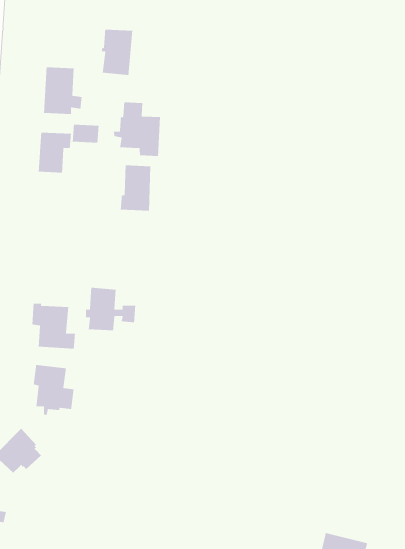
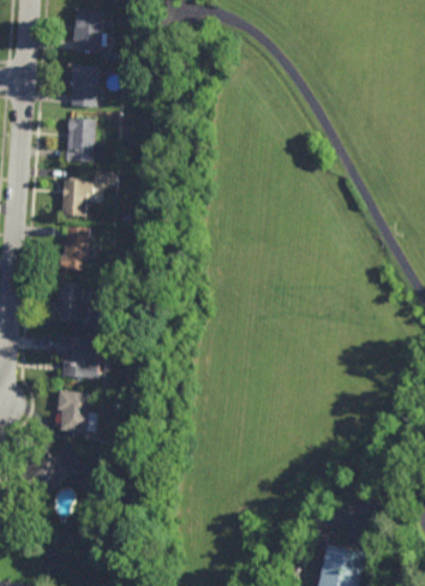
building: [101,29,133,76] -> [68,64,98,107]
building: [113,101,161,157] -> none
building: [120,165,151,212] -> [60,227,89,270]
building: [85,287,136,331] -> [54,282,101,323]

